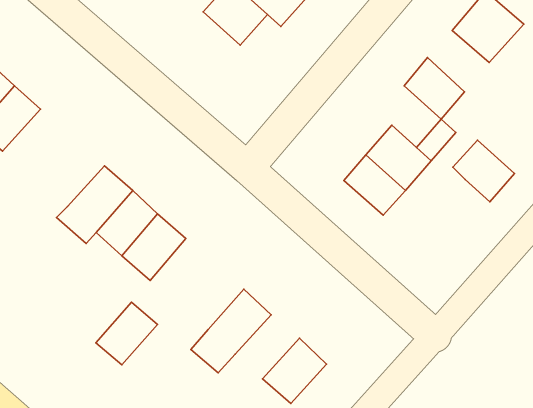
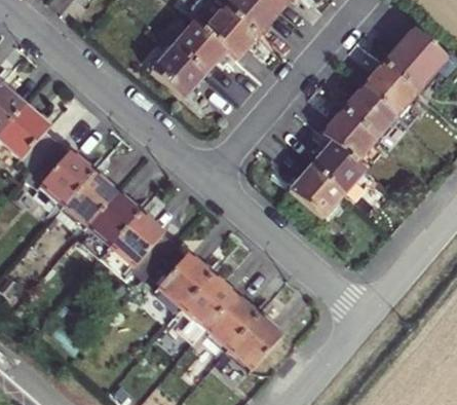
building: none -> [158,42,208,91]
building: none -> [365,58,416,109]
building: none -> [27,138,96,205]
building: [453,140,515,202] -> [325,104,376,155]
building: [96,302,157,365] -> [160,255,212,307]
building: none -> [204,295,258,348]

